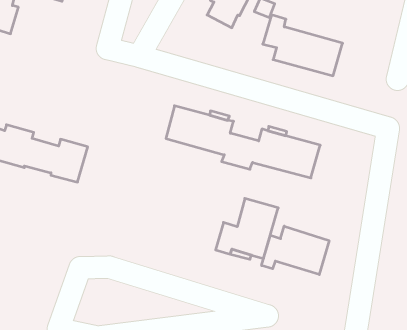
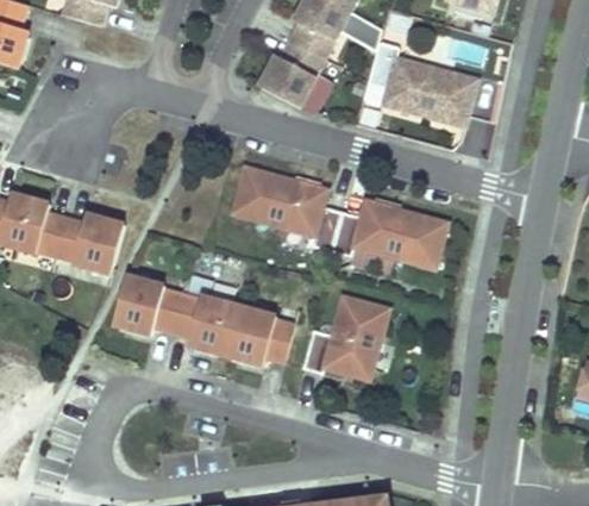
building: none -> [261,40,325,107]
building: none -> [113,274,295,364]
building: [262,226,329,275] -> none

